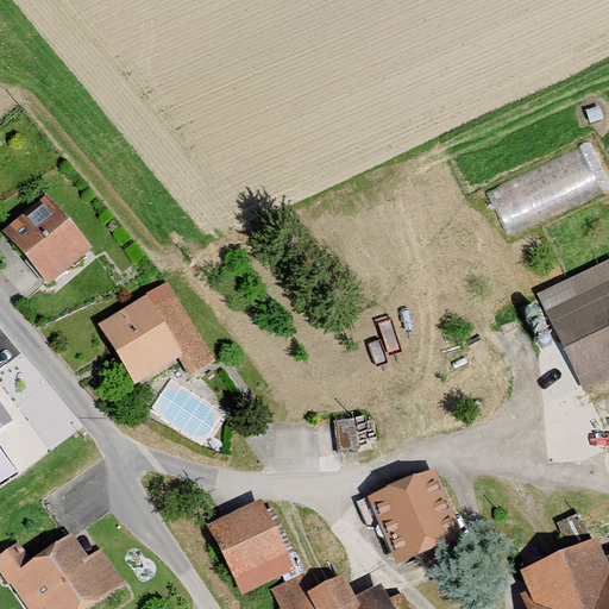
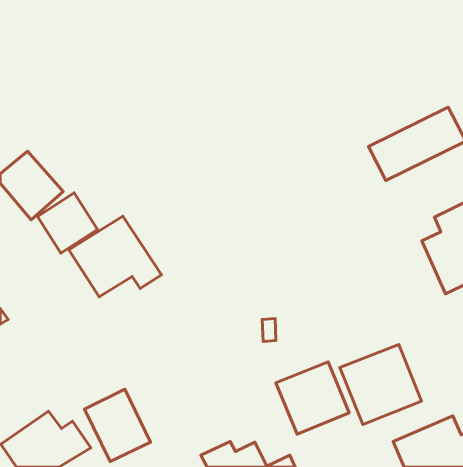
building: none -> [37,193,97,253]
building: none -> [340,344,422,424]
building: [203,501,289,595] -> [85,389,151,461]

